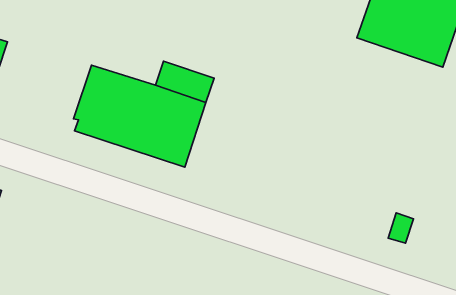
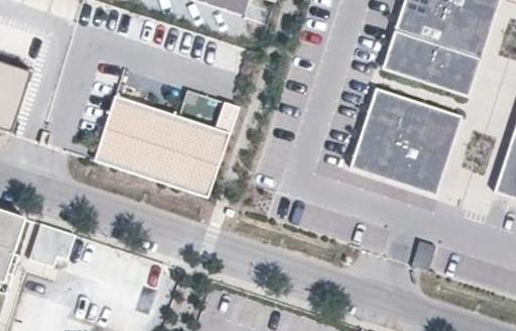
building: none -> [344,88,461,201]
building: none -> [29,224,76,268]

